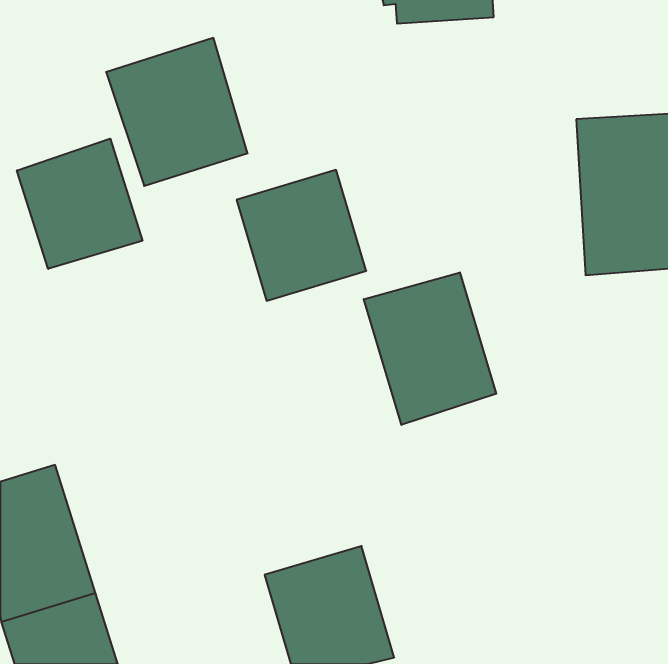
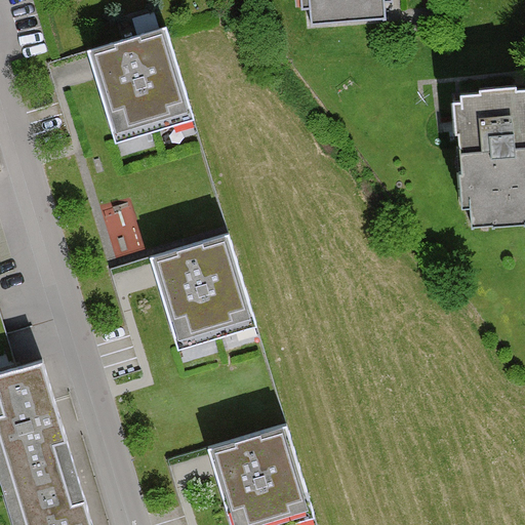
building: [17,139,142,269] -> none
building: [237,170,366,301] -> [151,241,252,344]
building: [364,272,496,425] -> none

